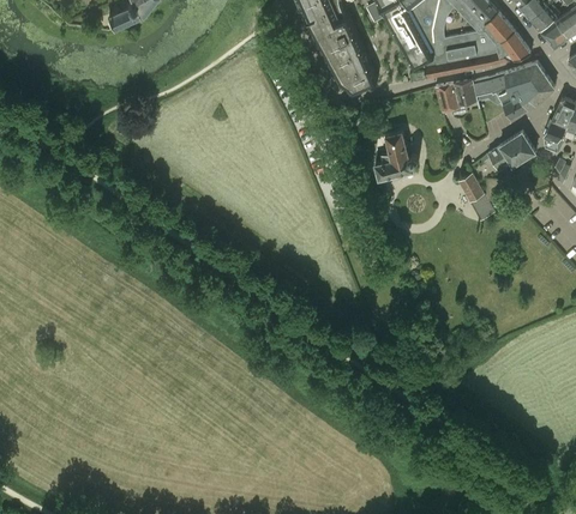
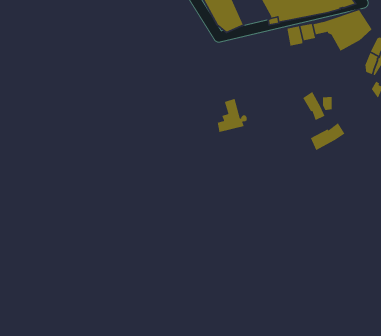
building: [376,132,418,180] -> [217,98,247,133]
building: [487,132,535,174] -> none
building: none -> [310,122,345,151]

